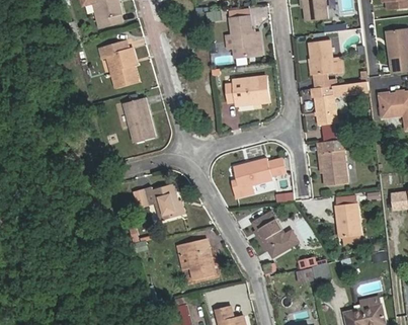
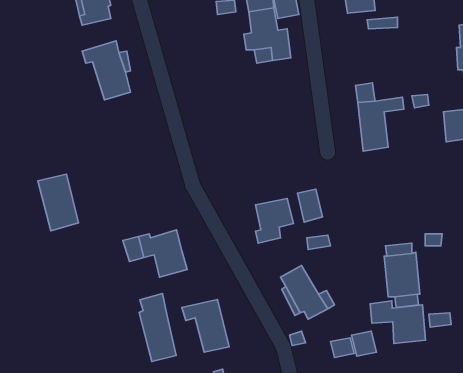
building: [308,39,340,73] -> none
building: [226,78,267,105] -> none
building: [123,98,154,142] -> [38,174,78,231]
building: [320,139,348,185] -> none
building: none -> [139,294,176,362]
building: none -> [370,301,425,344]

